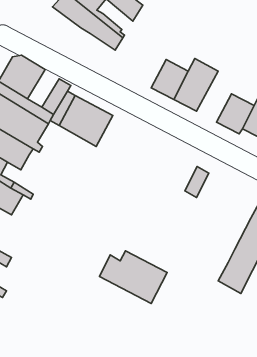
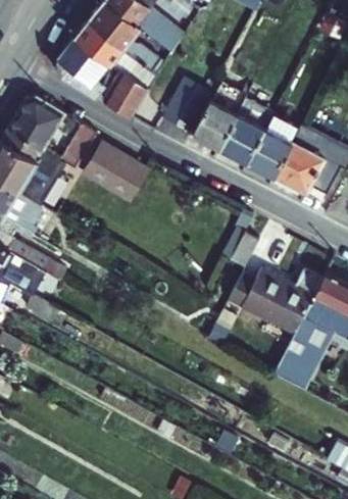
building: none -> [57,37,107,96]
building: none -> [101,69,149,118]
building: none -> [164,84,211,135]
building: none -> [248,115,299,178]
building: [99,251,167,303] -> [232,268,314,333]

